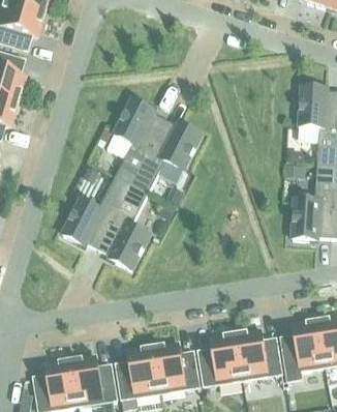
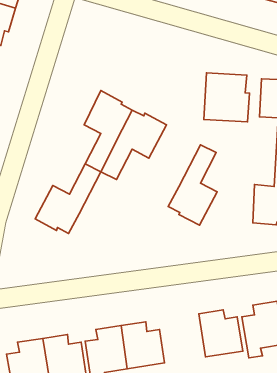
building: none -> [204,73,249,122]
building: [98,183,150,268] -> [168,145,217,225]
building: [198,333,243,385] -> none

